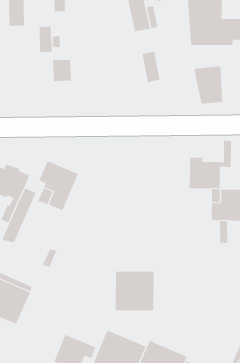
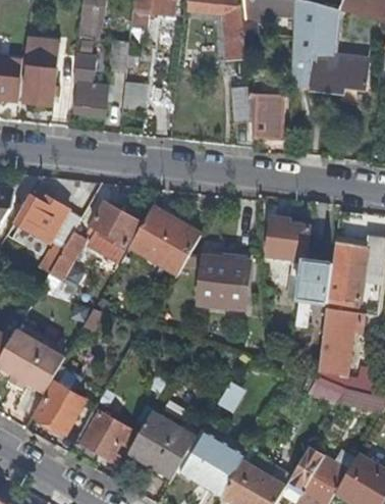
building: none -> [72,54,108,116]
building: [193,66,223,104] -> [249,94,282,139]
building: none -> [130,207,201,272]
building: [115,271,154,311] -> [198,256,251,308]
building: none -> [36,384,85,434]

